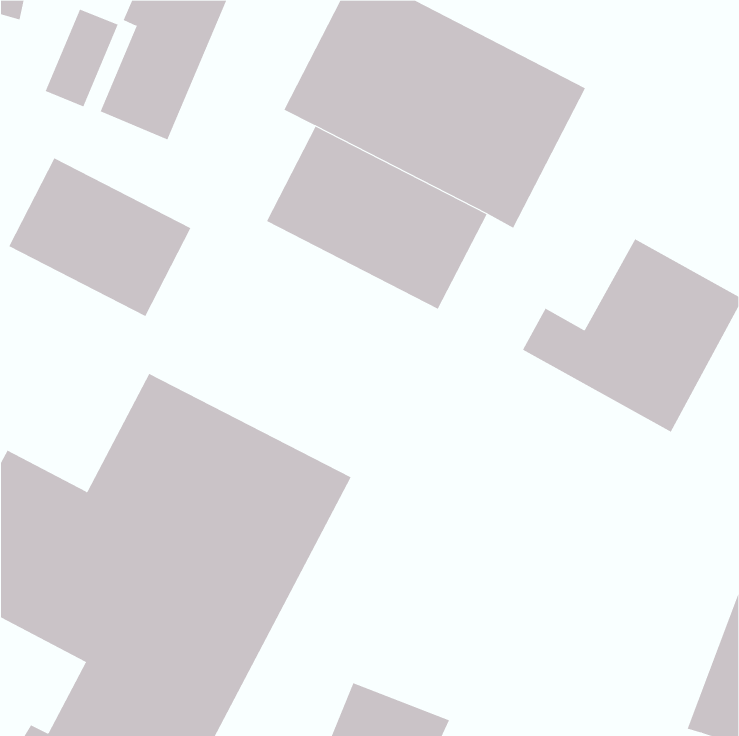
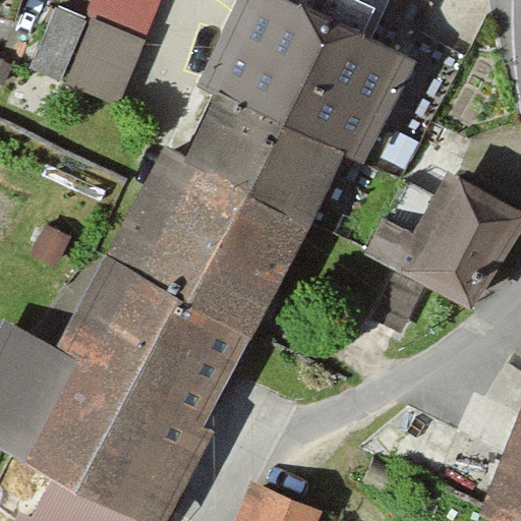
building: [9,157,191,317] -> none
building: none -> [105,147,308,338]

